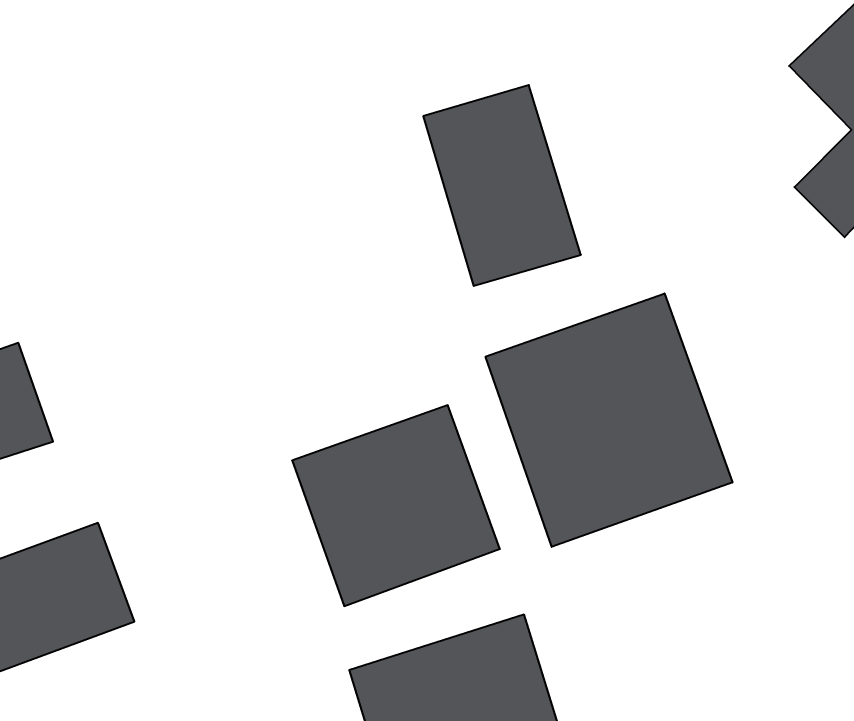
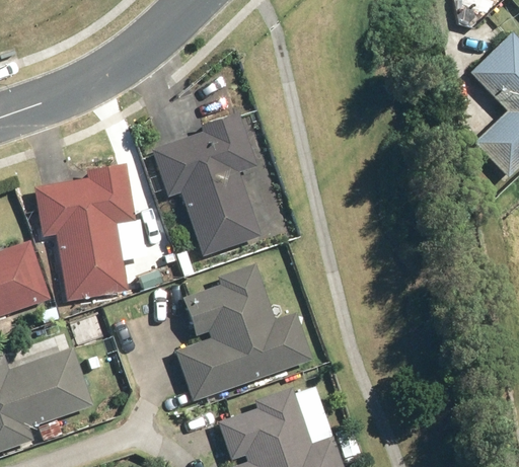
building: [423,85,581,286] -> [171,130,264,247]
building: none -> [50,181,136,292]
building: [486,293,732,547] -> none

